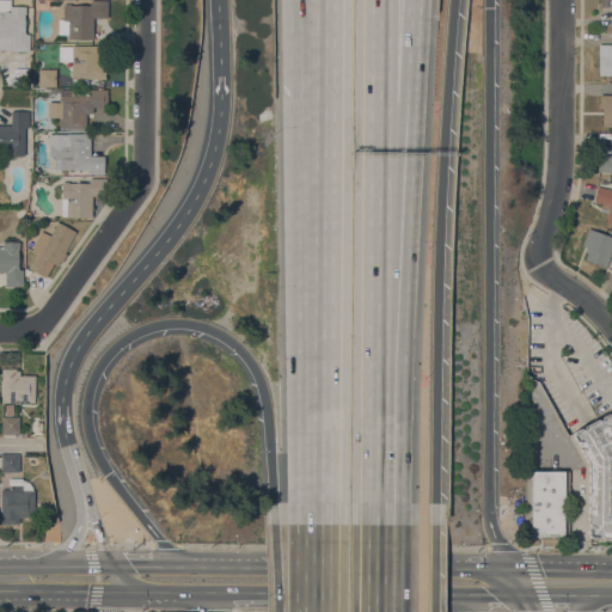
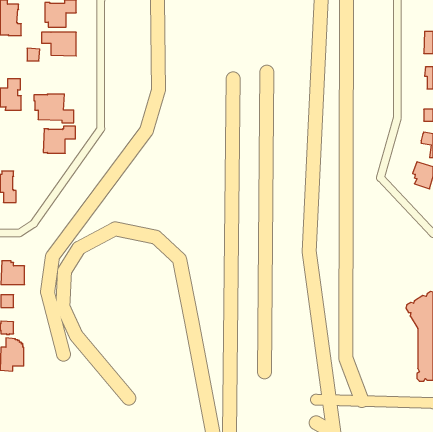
building: [48,90,108,129] -> none
building: [30,224,75,279] -> none
building: [532,472,569,545] -> none

